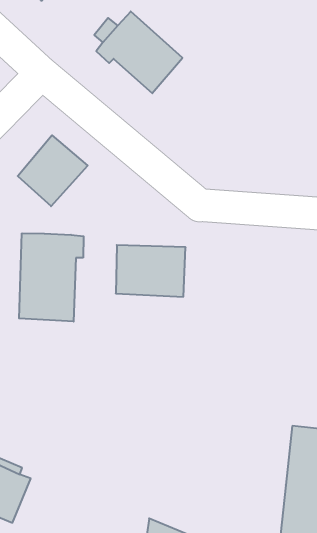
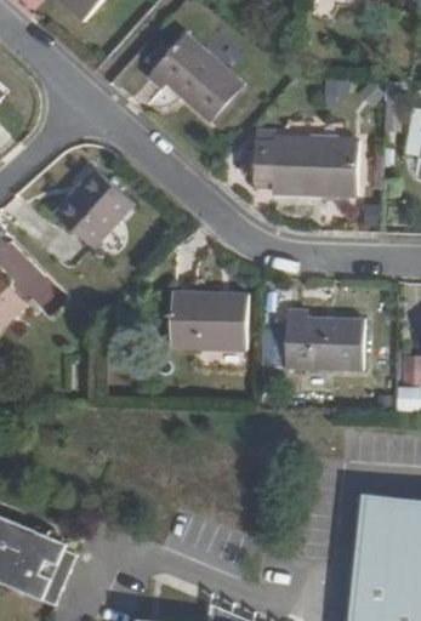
building: none -> [250,138,357,198]
building: [19,233,84,322] -> none
building: none -> [284,308,364,371]

